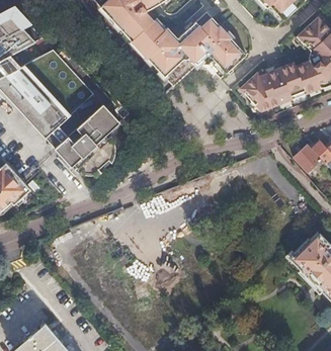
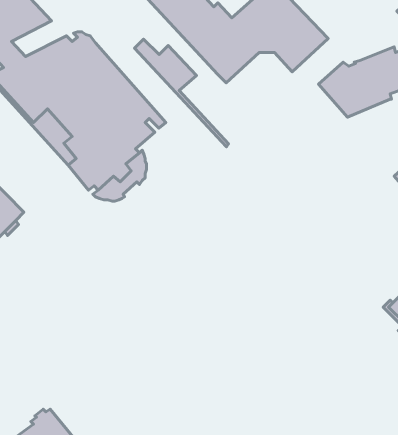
building: none -> [135,39,228,147]

